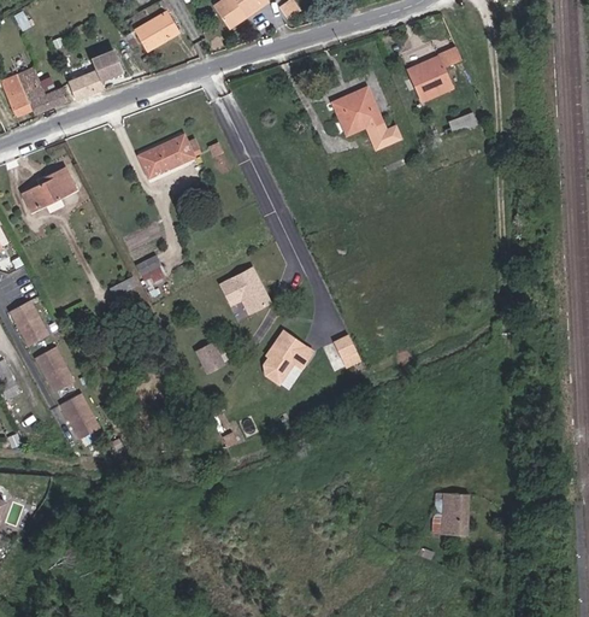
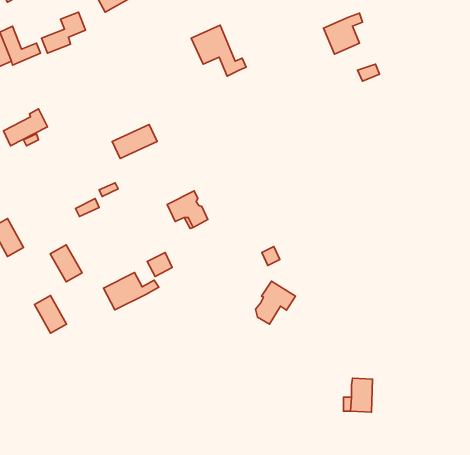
building: [332,87,399,148] -> [191,25,246,76]
building: [139,136,193,177] -> [112,125,157,158]
building: [264,331,312,383] -> [255,281,295,324]
building: [34,346,72,390] -> [50,245,82,282]
building: none -> [104,273,159,310]

